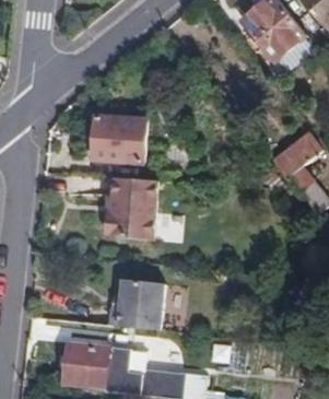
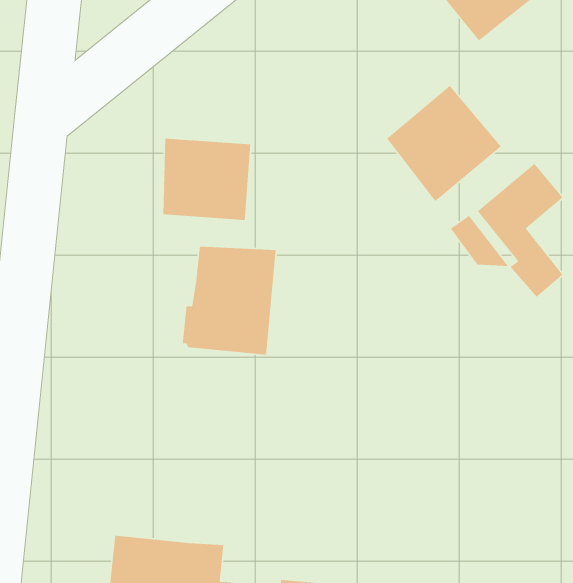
building: none -> [386,85,502,202]
building: [109,281,164,330] -> none

